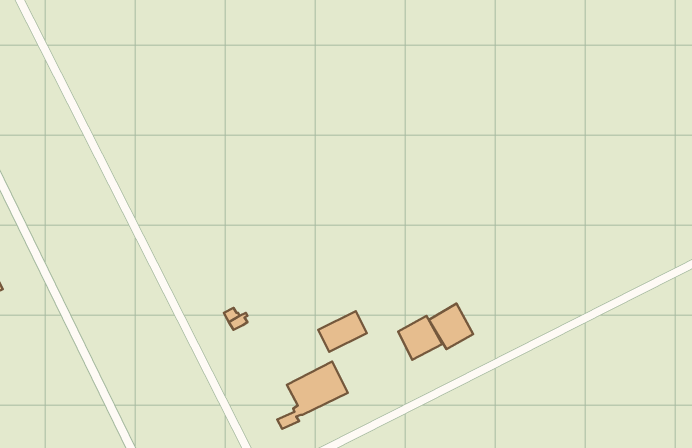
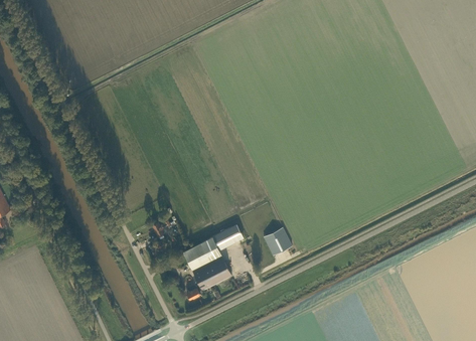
building: [429,304,473,349] -> none
building: none -> [182,236,221,270]

